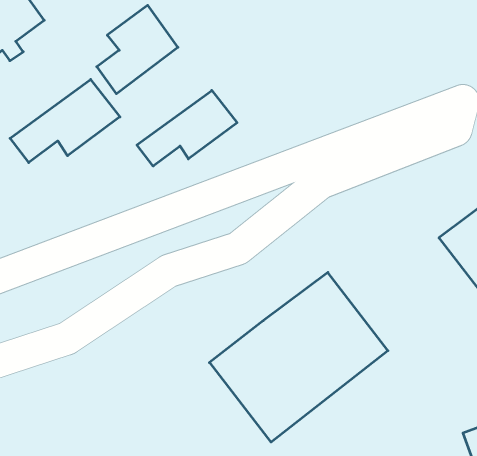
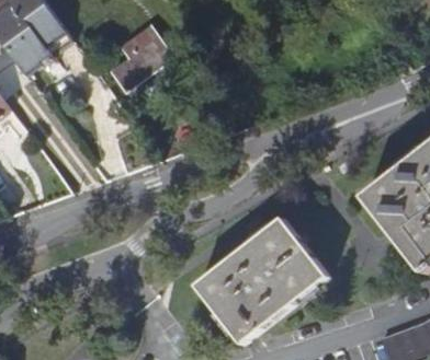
building: [10,79,120,163] -> none
building: [137,90,237,166] -> none

